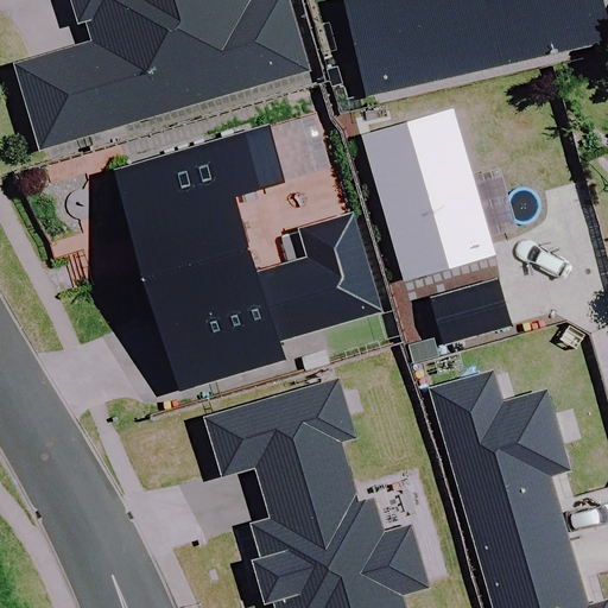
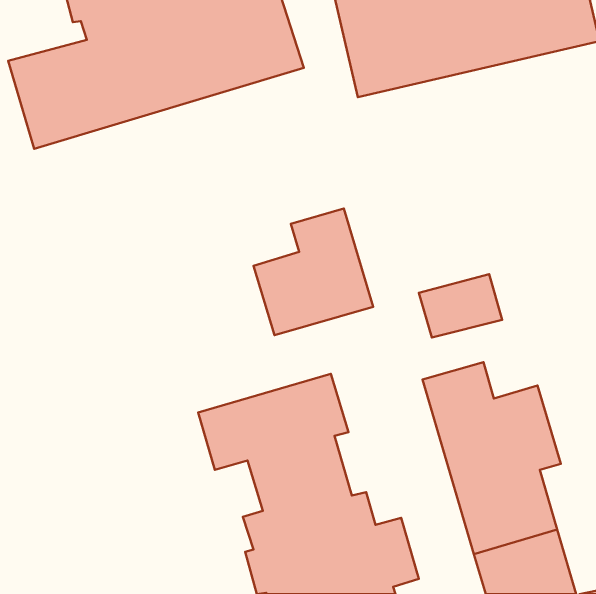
building: [359,87,492,273] -> none
building: [112,125,286,390] -> none

